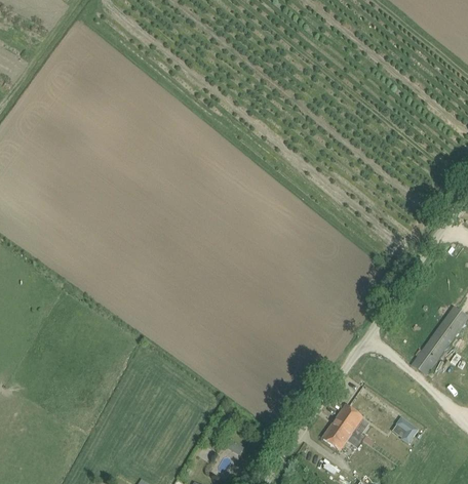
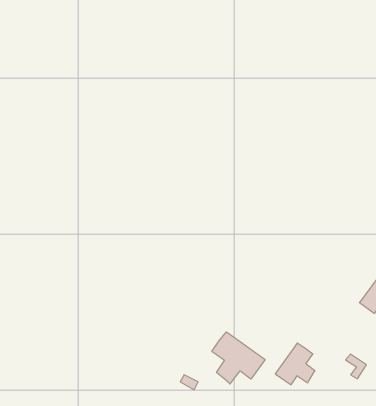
building: none -> [212,332,265,384]

